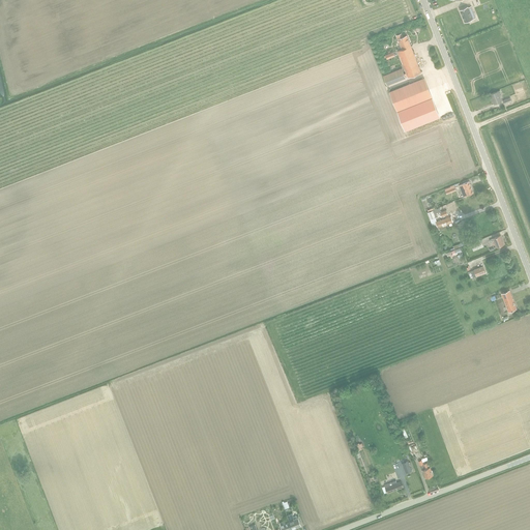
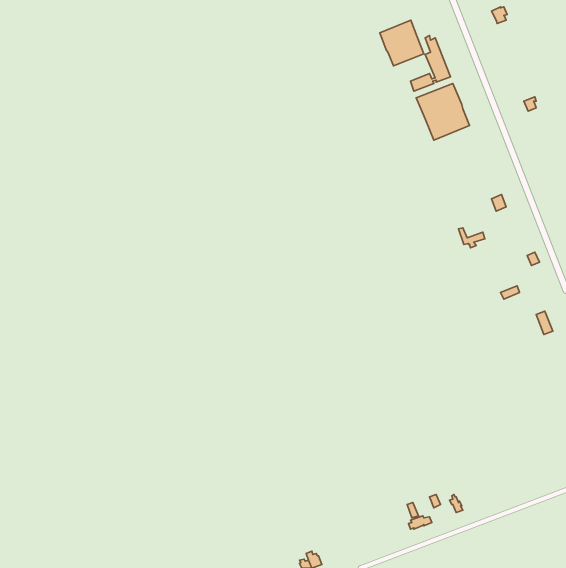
building: none -> [380,20,424,66]

